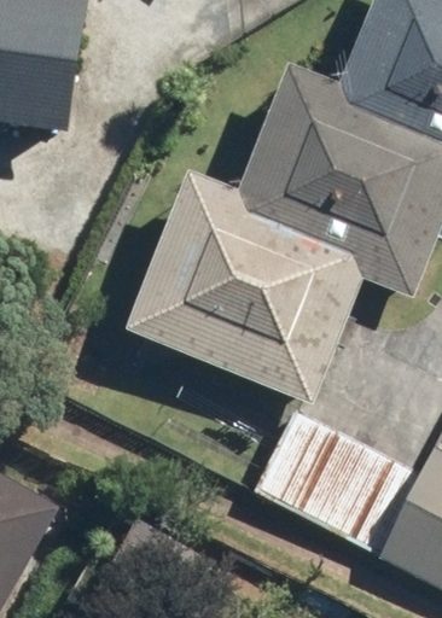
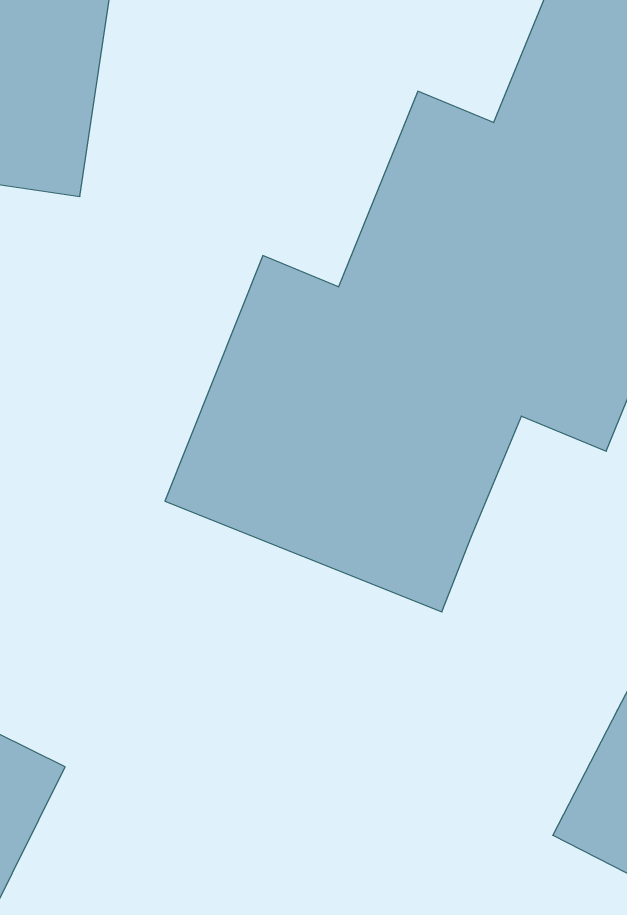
building: [252,403,421,549] -> none

